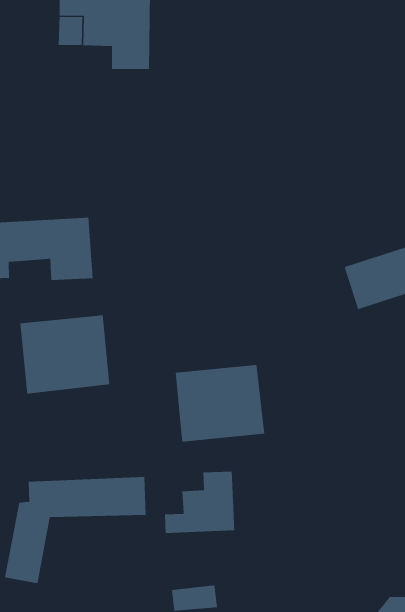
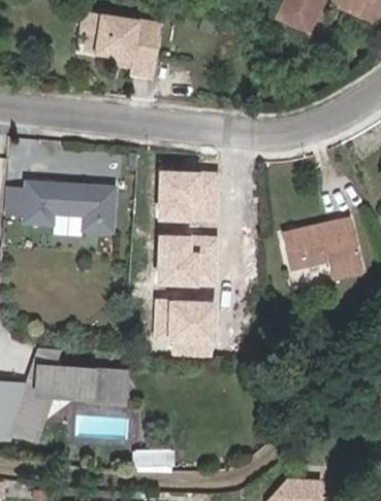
building: none -> [157,170,219,223]
building: [20,315,110,394] -> [154,235,216,287]
building: [165,471,235,534] -> none

